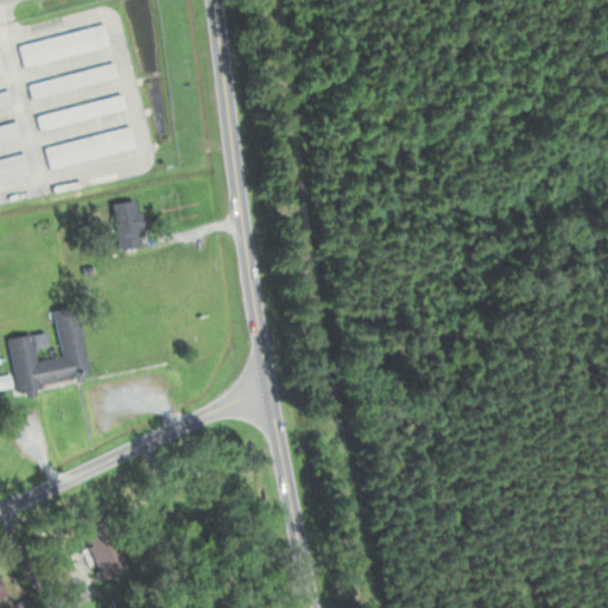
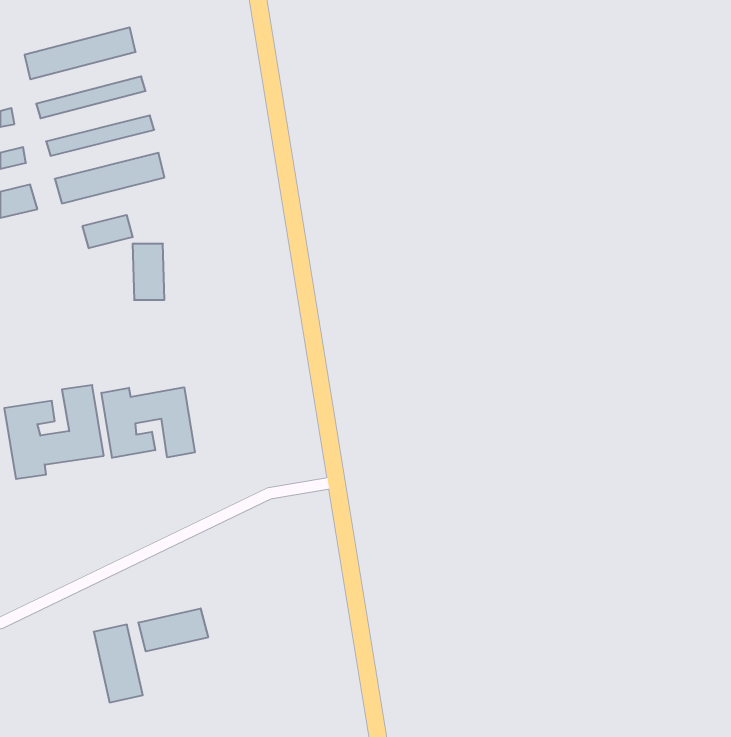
building: none -> [83,215,133,248]
building: none -> [101,387,195,458]
building: none -> [138,608,208,651]

